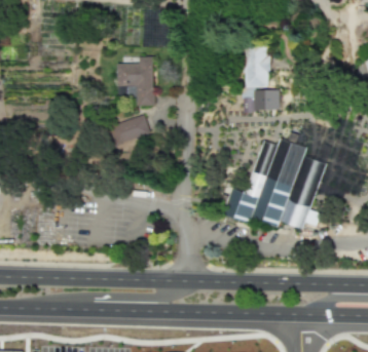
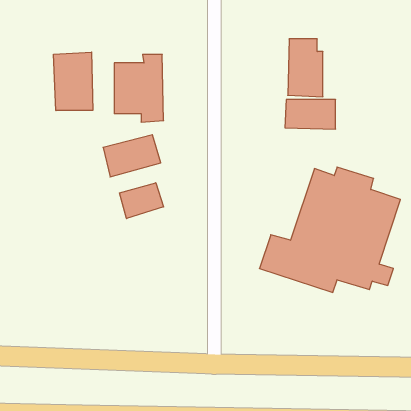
building: none -> [54,52,93,111]
building: none -> [120,183,164,219]

